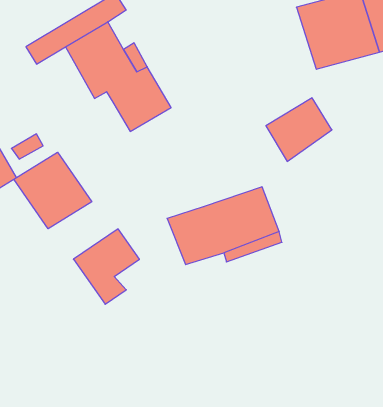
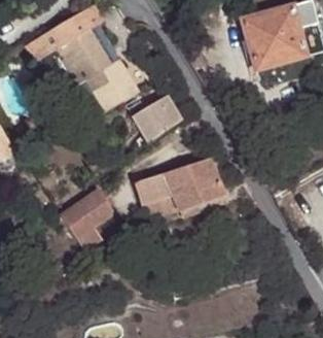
building: [266,98,332,161] -> [133,98,184,147]
building: [14,152,92,229] -> none

